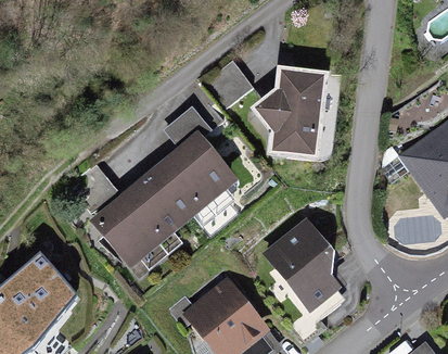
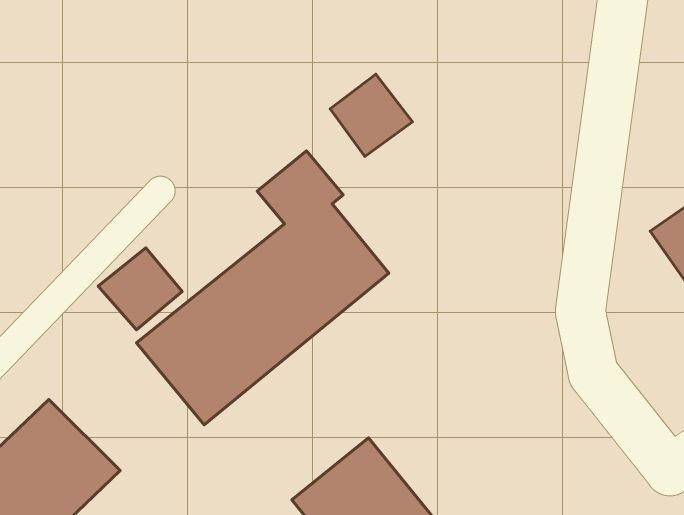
building: [249,65,328,156] -> none
building: [264,217,341,312] -> none

